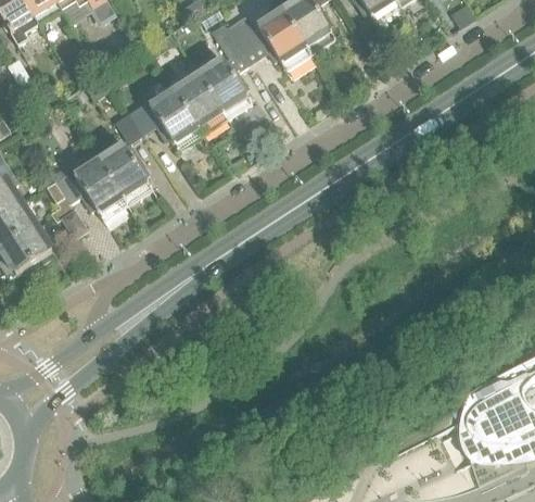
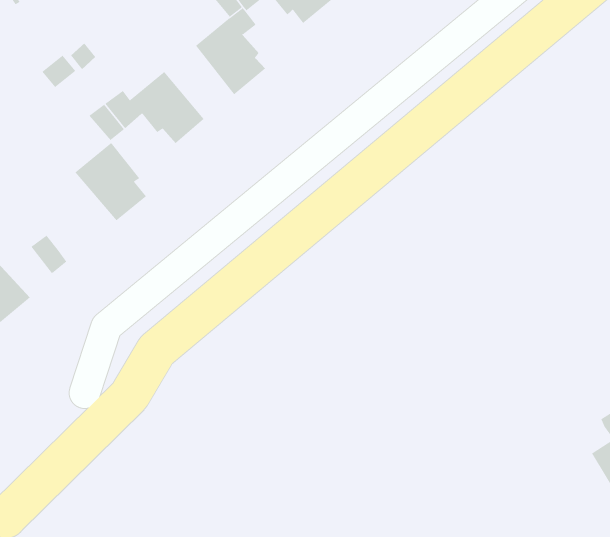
building: [173,74,222,129] -> none
building: [47,159,124,214] -> none

